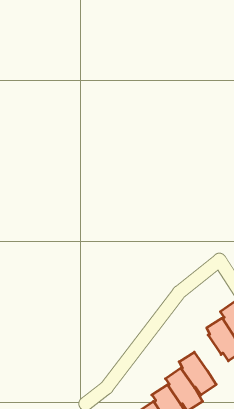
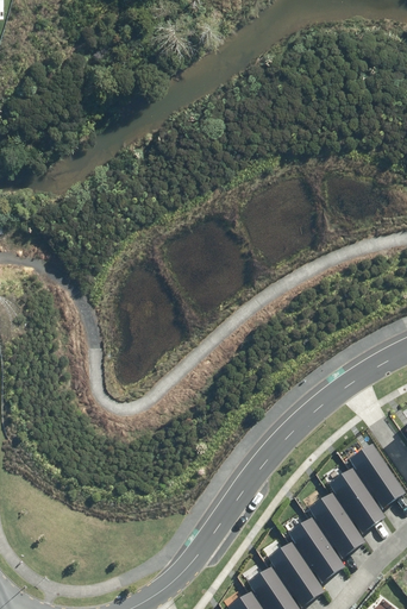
building: none -> [308,494,364,557]

